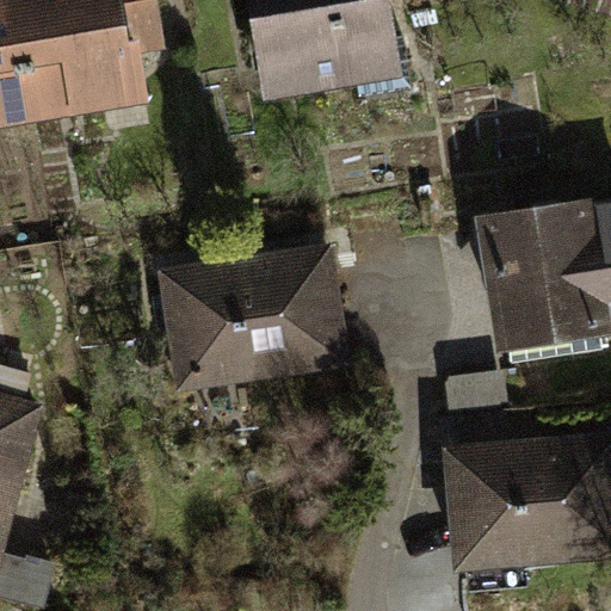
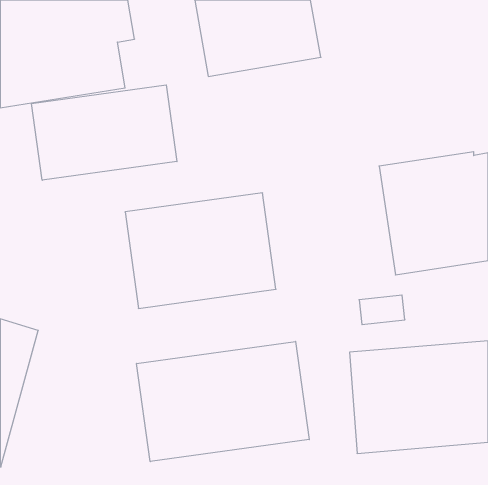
building: none -> [32,85,177,180]
building: none -> [137,341,309,462]

